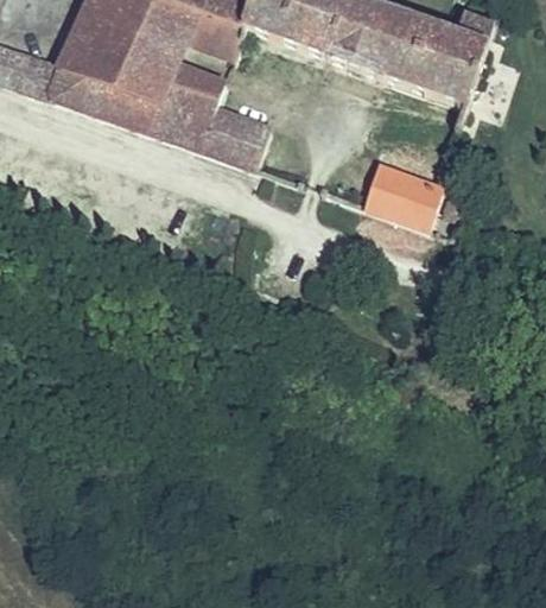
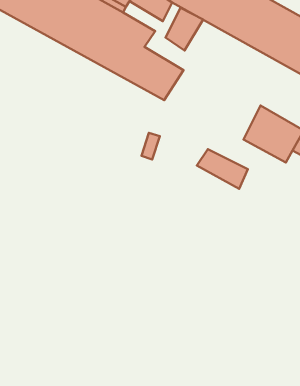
building: none -> [165,8,203,51]
building: none -> [197,149,248,189]

